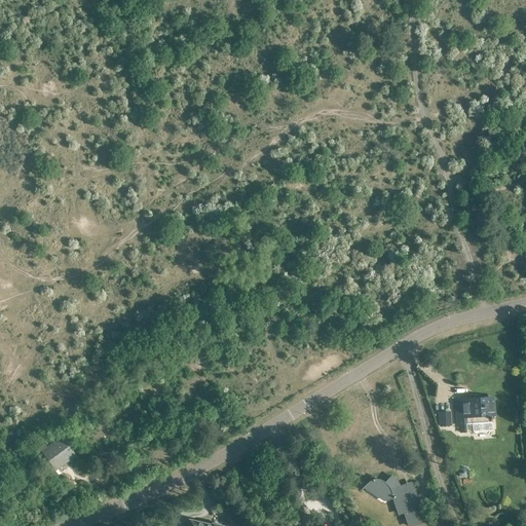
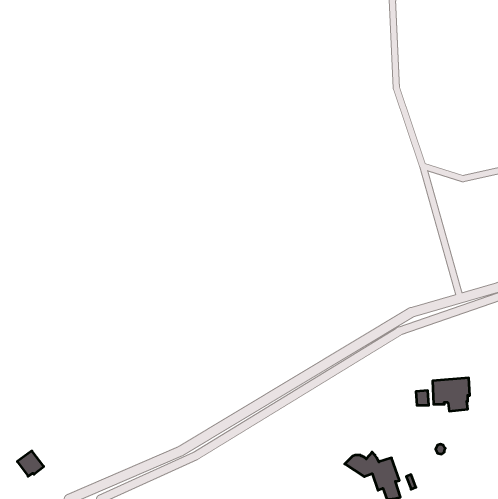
building: [45,439,73,465] -> [17,451,44,476]

